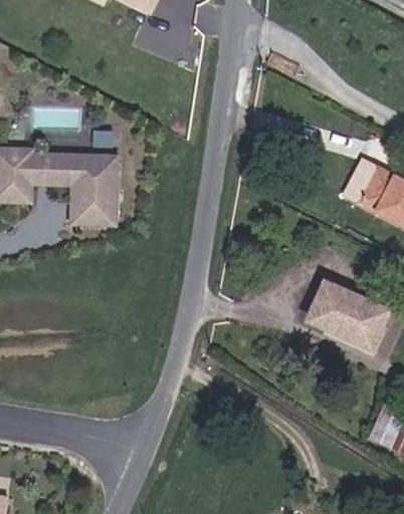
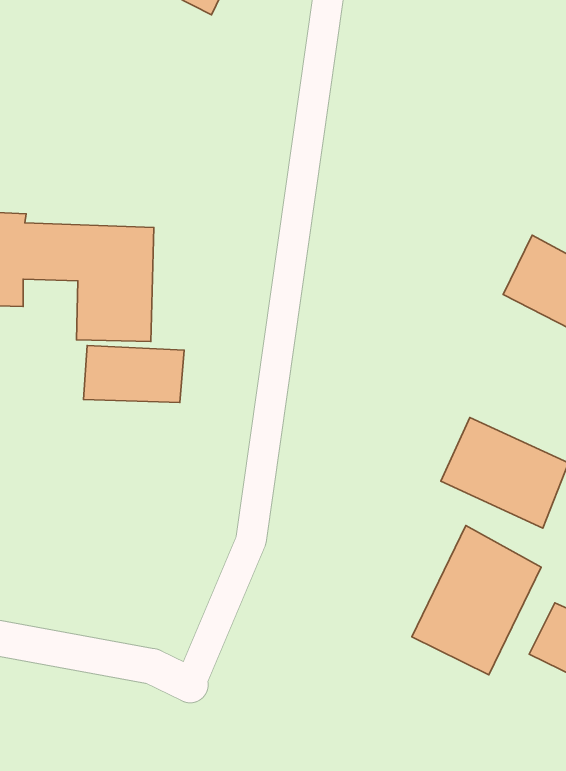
building: none -> [83,346,184,402]
building: none -> [412,526,541,675]

